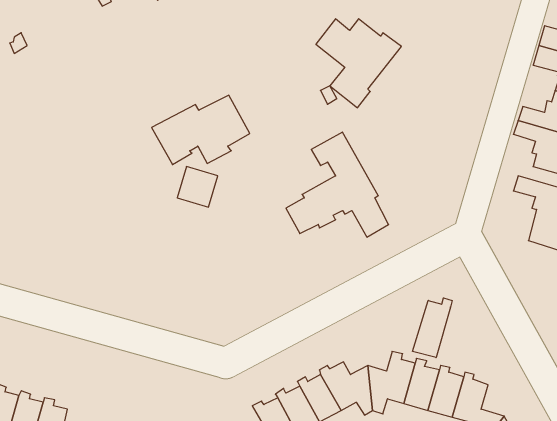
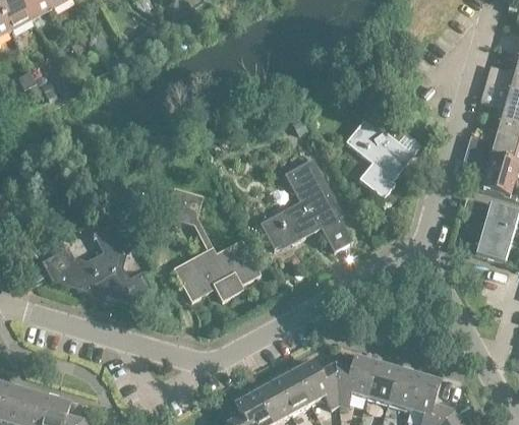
building: [316,19,401,108] -> [346,120,421,198]
building: [152,95,250,165] -> [173,240,260,301]
building: none -> [41,222,155,306]
building: [413,298,452,358] -> none

